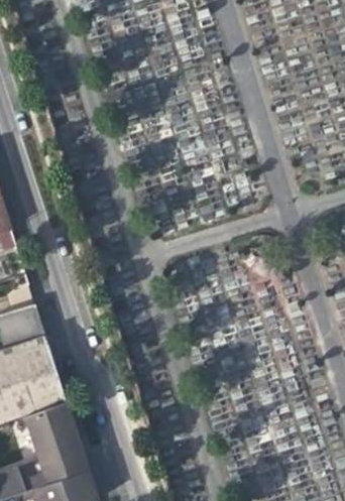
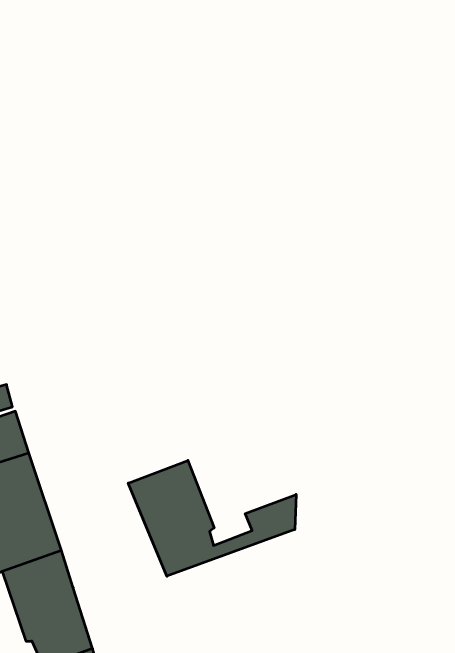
building: none -> [128,460,296,576]

